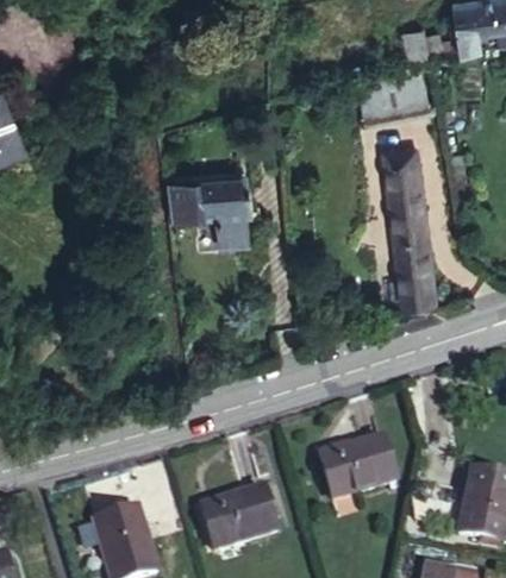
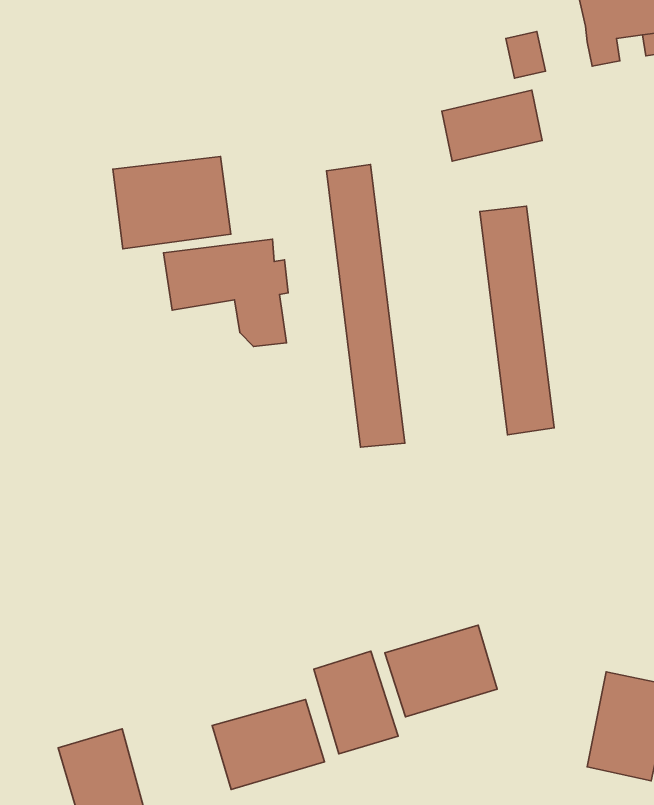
building: none -> [113,157,231,249]
building: none -> [327,165,405,447]
building: none -> [314,651,398,754]

